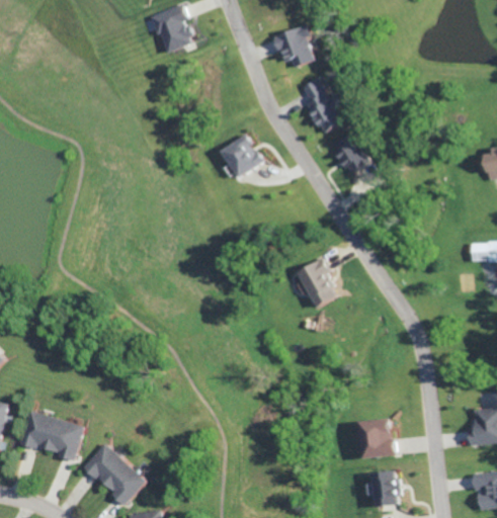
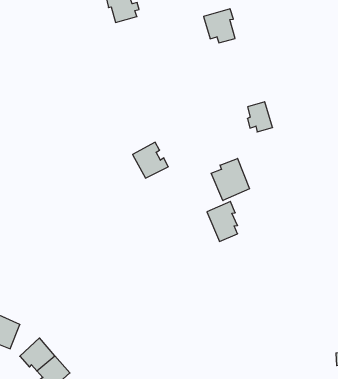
building: [301,79,343,133] -> none
building: [219,134,263,178] -> [133,142,168,178]
building: none -> [211,158,250,201]
building: [357,419,397,458] -> none

